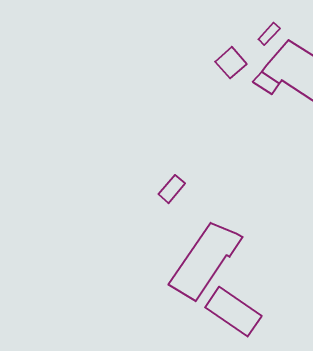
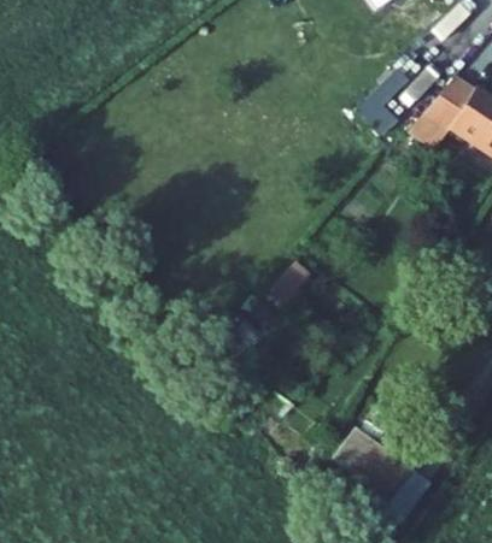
building: [168,223,243,301] -> none

